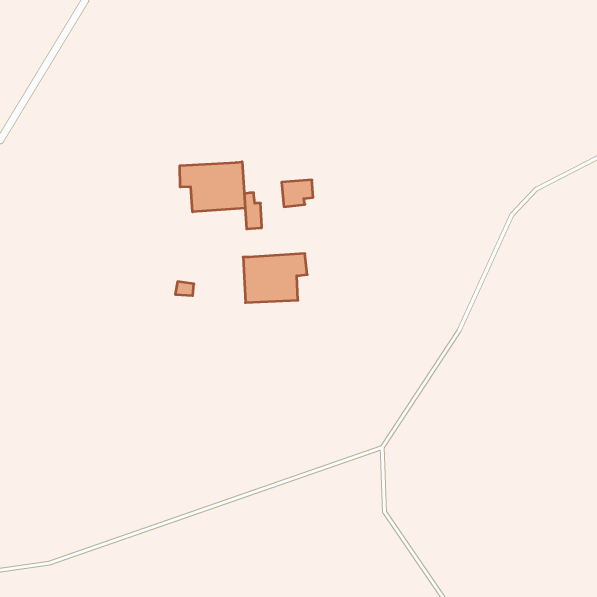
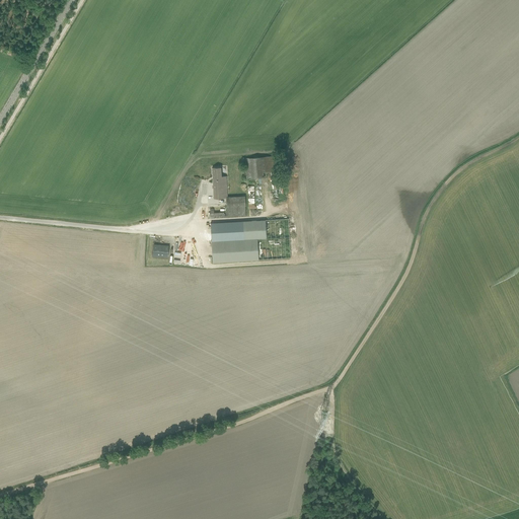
building: [180,162,245,212] -> none
building: none -> [226,196,245,217]

